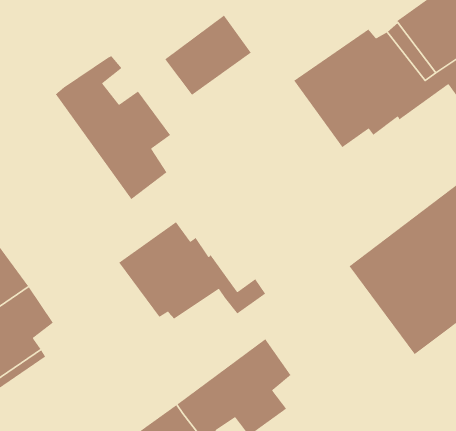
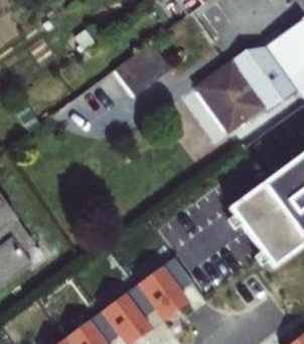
building: [55,55,171,200] -> none
building: [118,221,266,319] -> none

